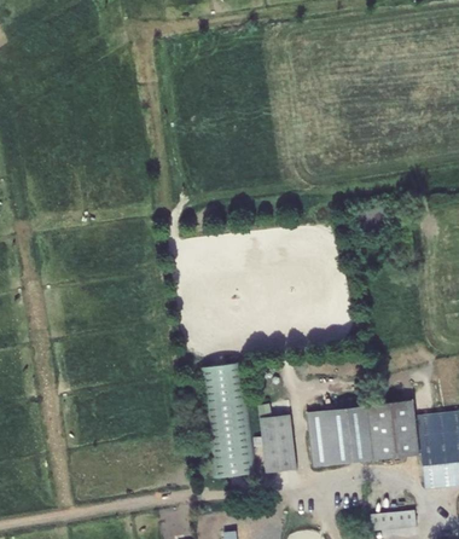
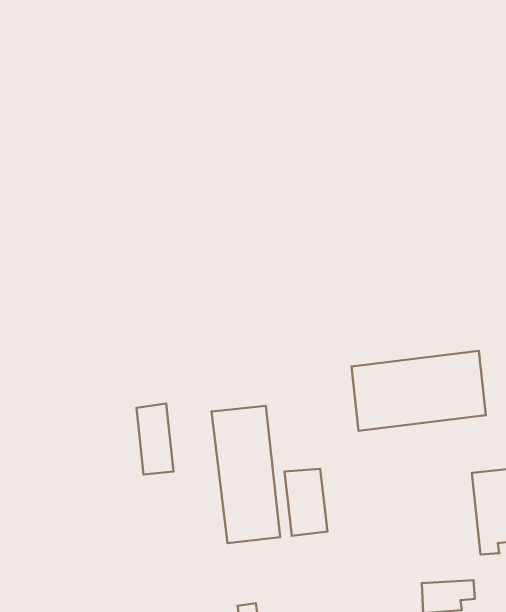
building: none -> [136,404,174,474]
building: [307,400,420,468] -> [351,351,486,431]

